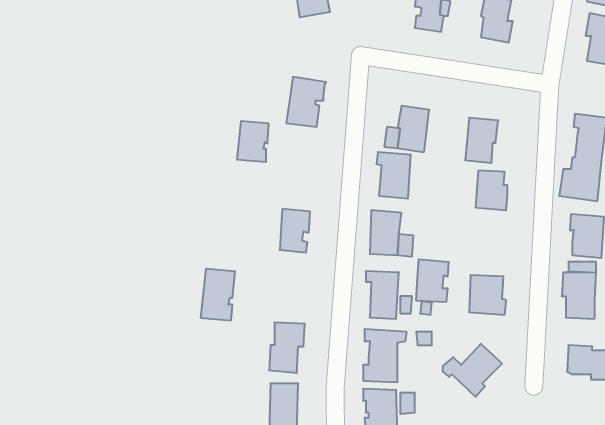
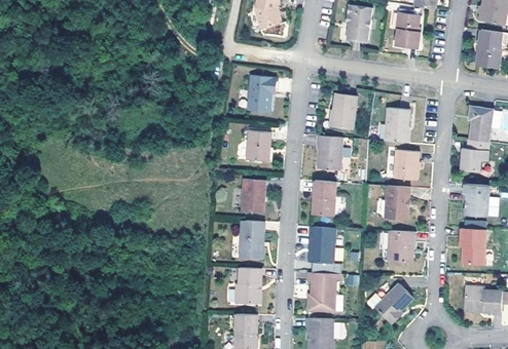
building: [237,121,269,162] -> [244,131,268,163]
building: [416,259,449,302] -> [384,186,409,219]
building: [201,269,235,320] -> [235,222,262,262]

